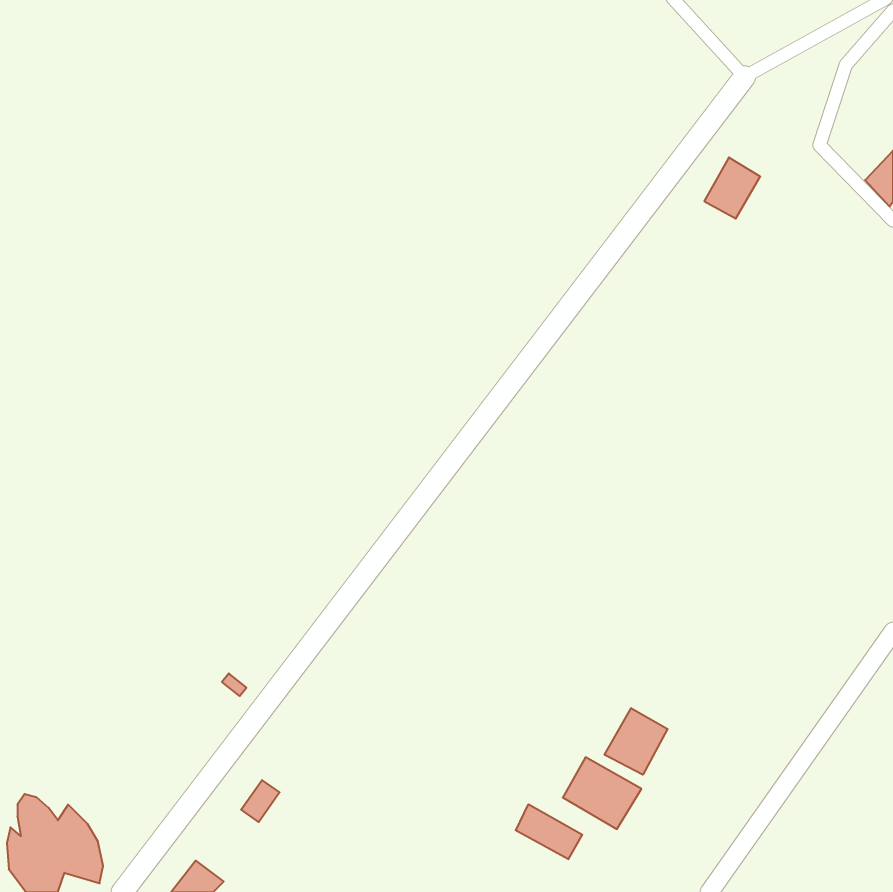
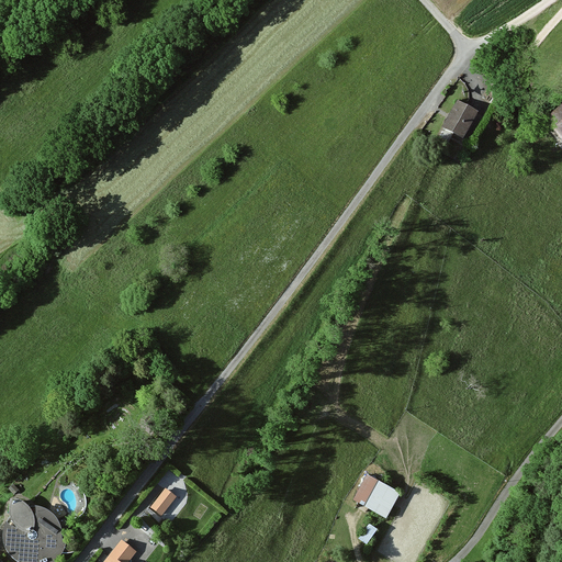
building: [605,708,668,775] -> none
building: [516,804,582,859] -> none

